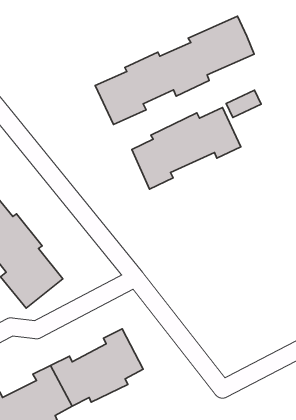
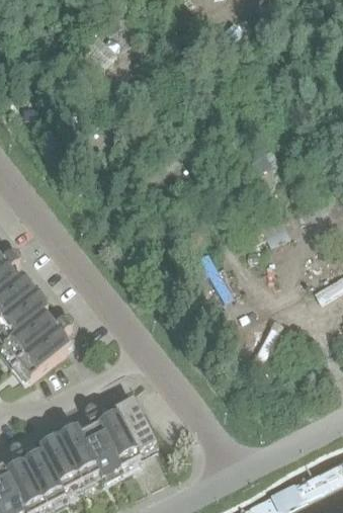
building: [95,16,254,124] -> none
building: [132,108,241,189] -> none

